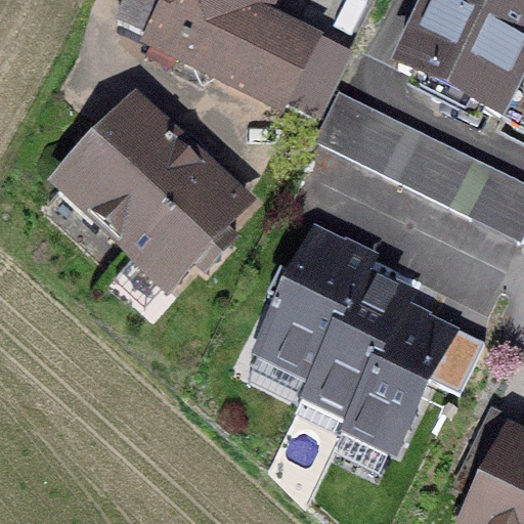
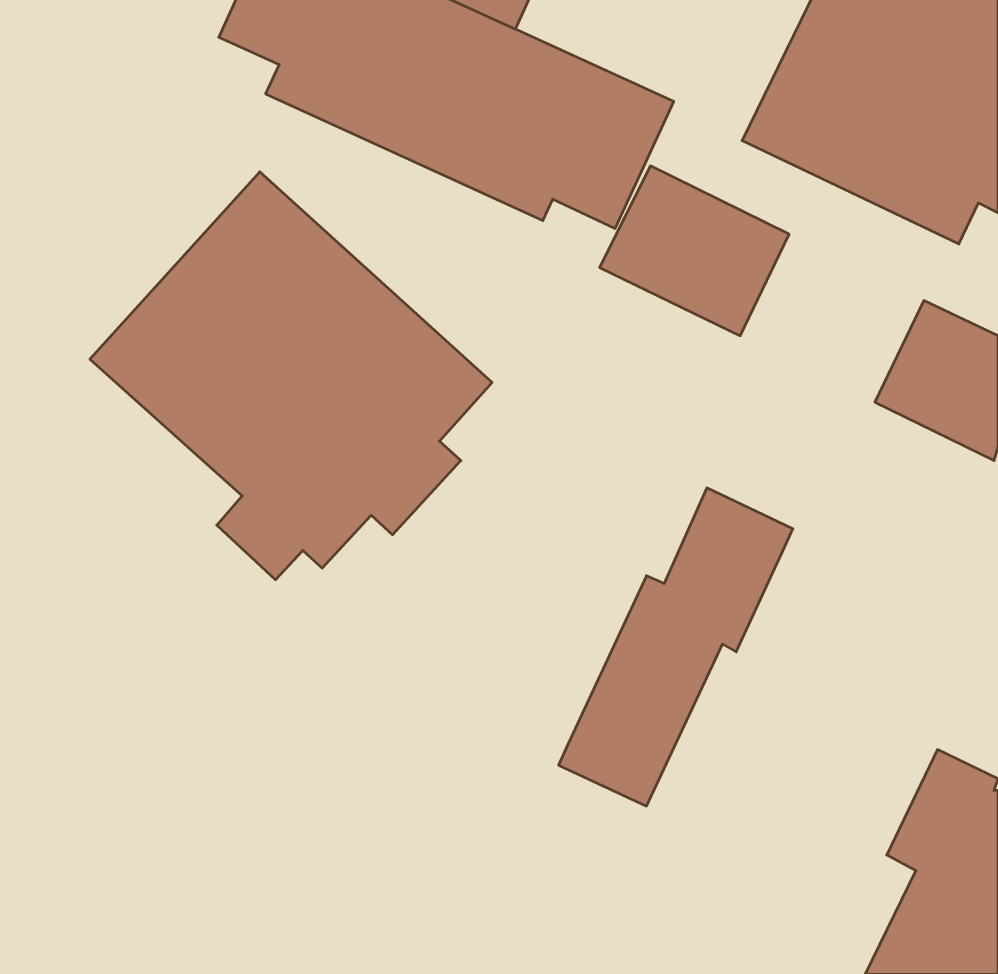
building: [388,123,484,211] -> none
building: [249,211,378,390] -> none
building: [332,291,460,462] -> none

